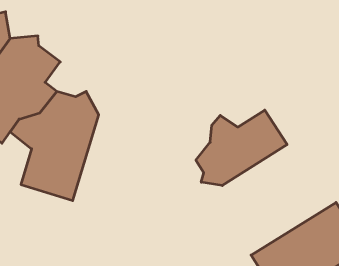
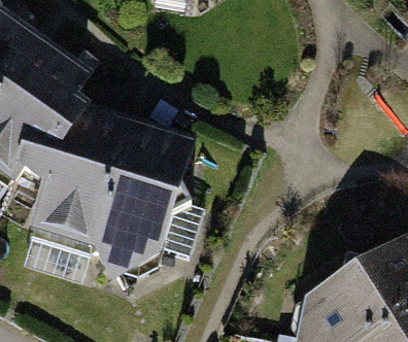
building: none -> [92,131,184,261]
building: [196,110,287,186] -> none

